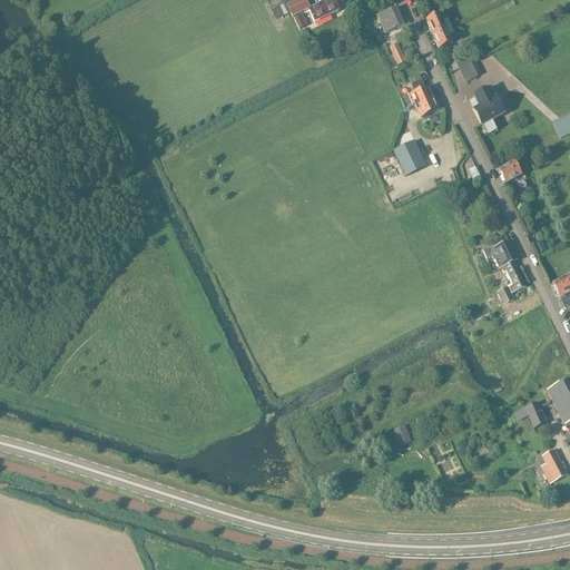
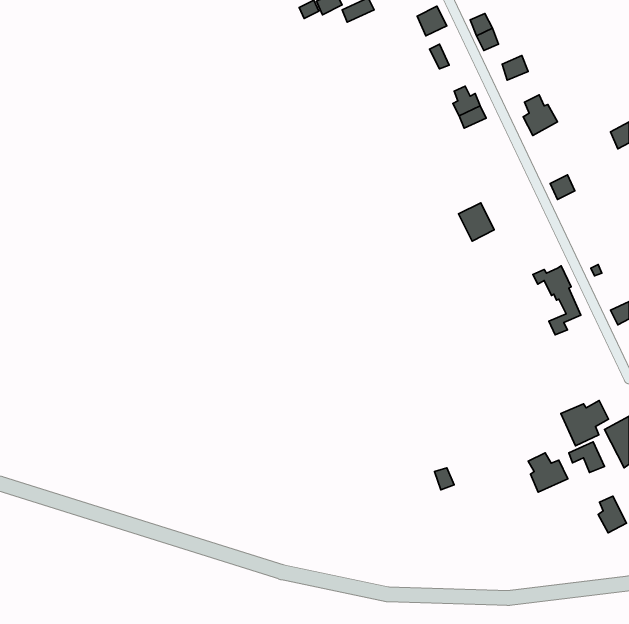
building: [393,139,425,174] -> [459,203,494,241]
building: none -> [561,401,609,446]
building: none -> [528,453,568,492]

